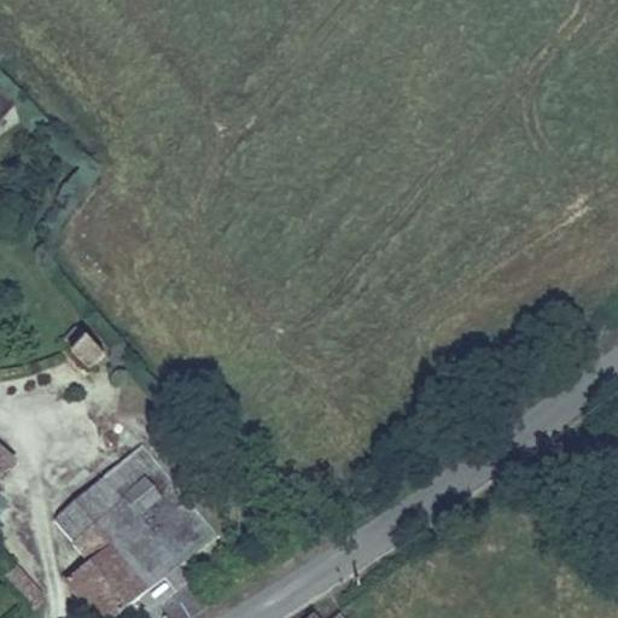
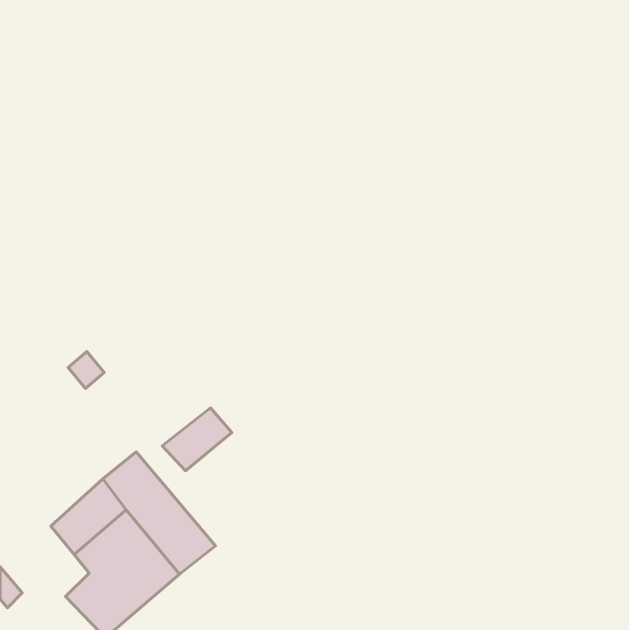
building: none -> [162,408,232,471]

